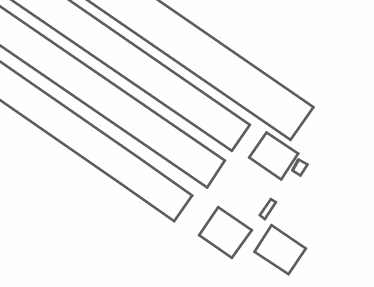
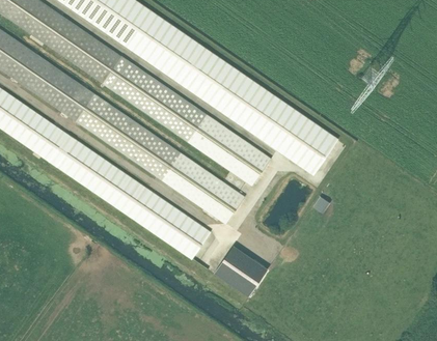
building: [249,132,298,180] -> none
building: [255,225,306,274] -> none

